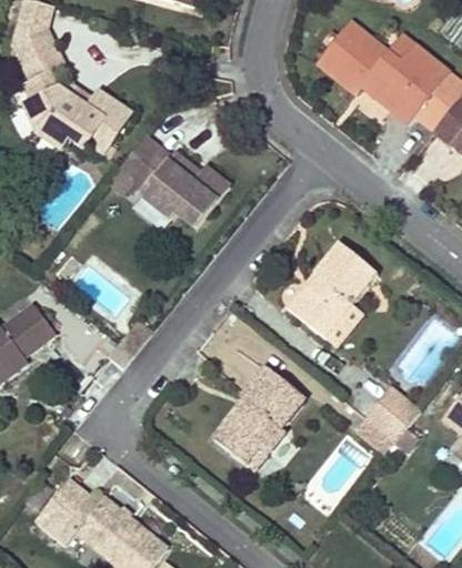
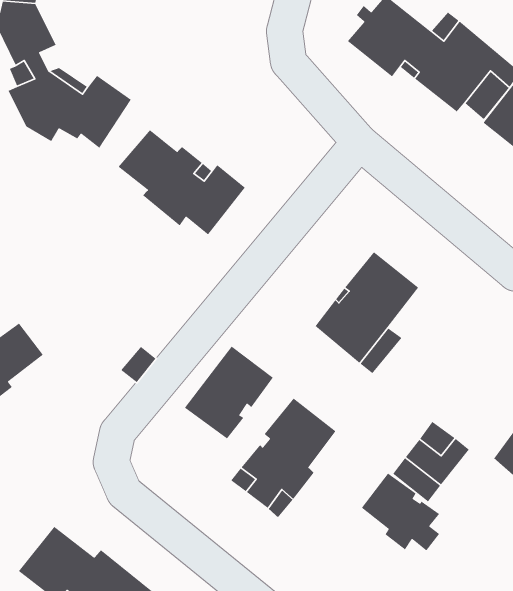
building: none -> [184,346,274,439]
building: none -> [361,472,440,552]

